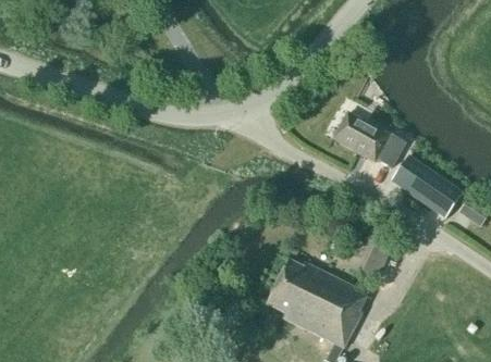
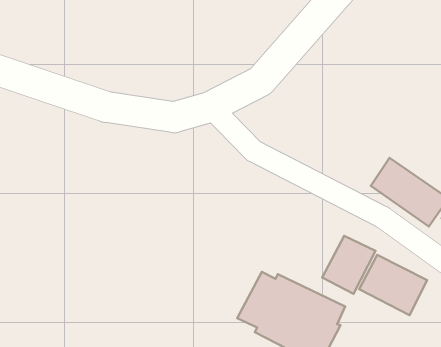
building: [332,113,405,168] -> none
building: none -> [359,255,427,315]

